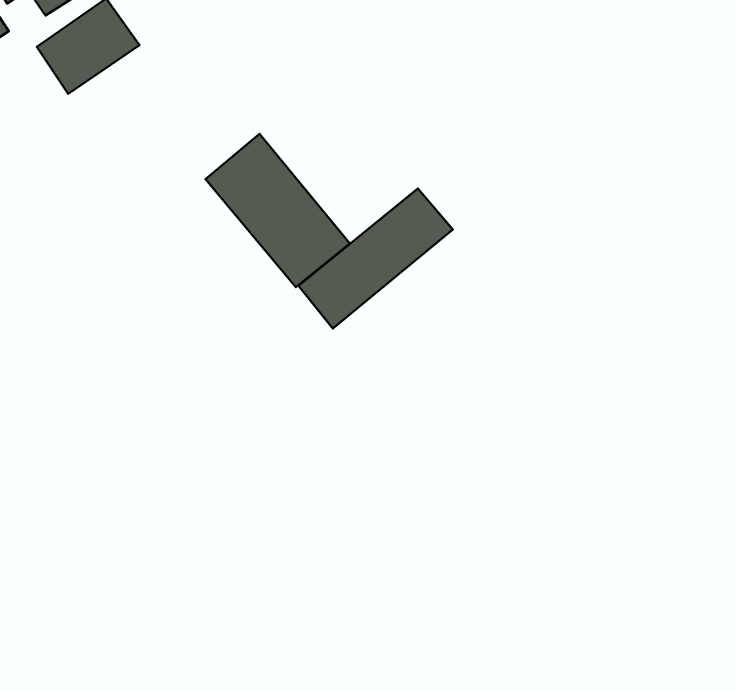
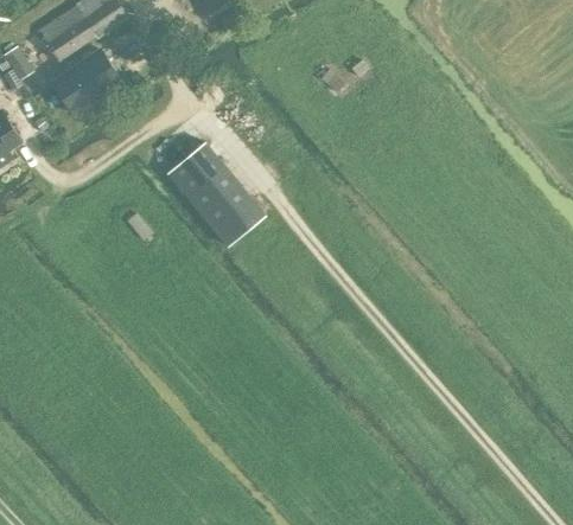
building: [298,188,453,328] -> none

